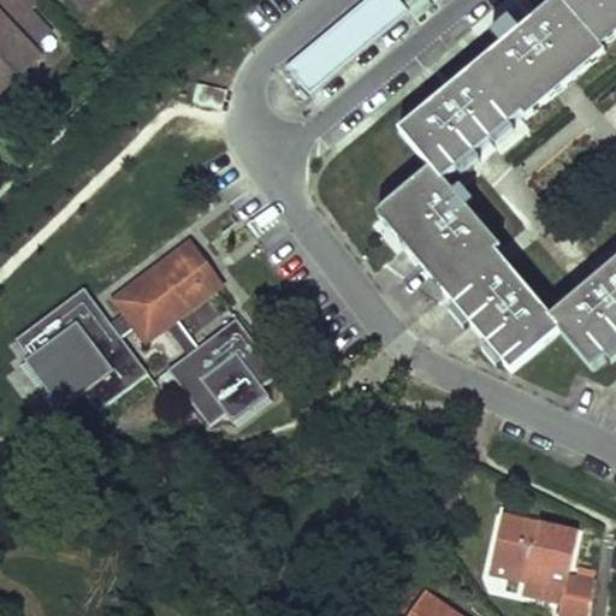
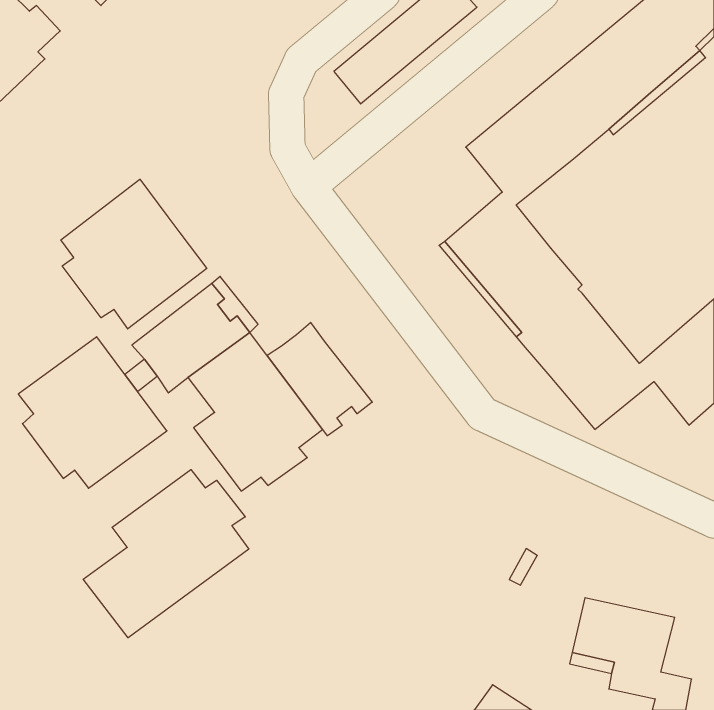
building: none -> [61,179,207,329]
building: none -> [267,322,372,436]
building: none -> [83,470,249,638]

